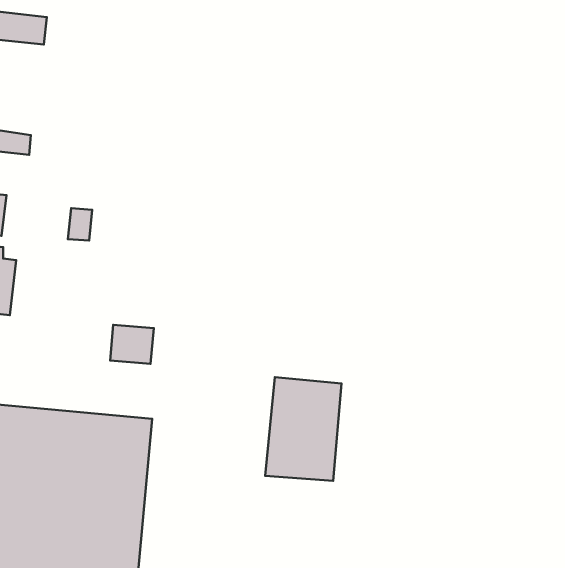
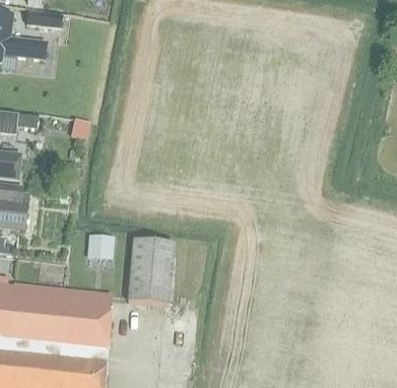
building: [265,377,341,481] -> [127,238,175,303]

